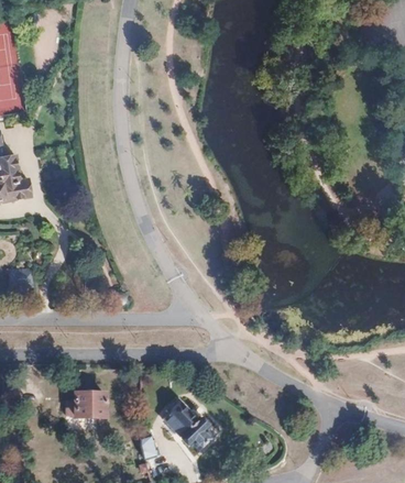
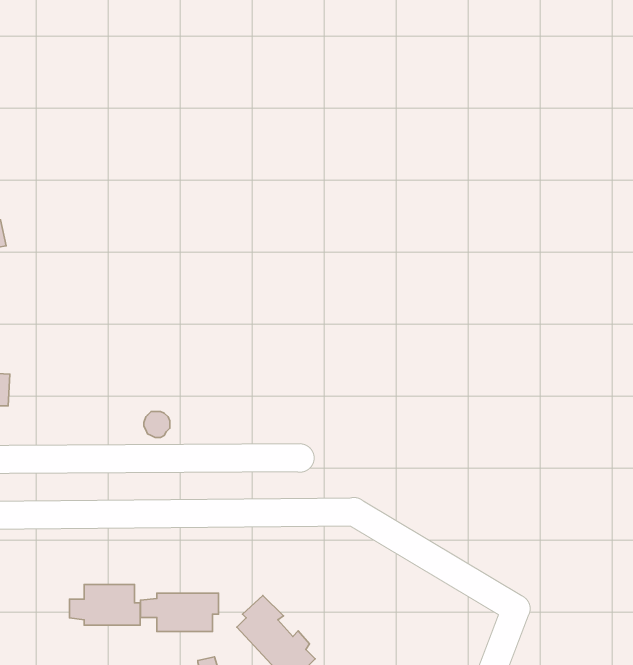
building: none -> [140,593,219,632]

